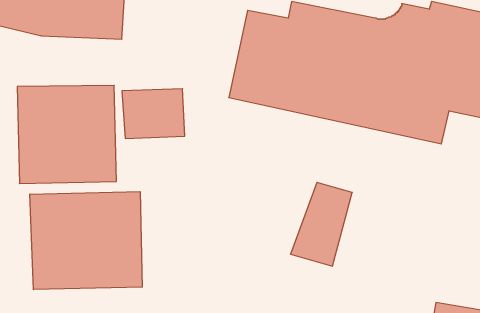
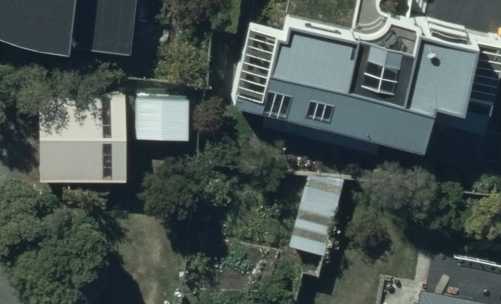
building: [30,192,142,290] -> none

